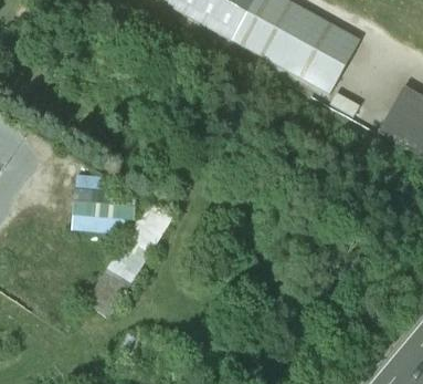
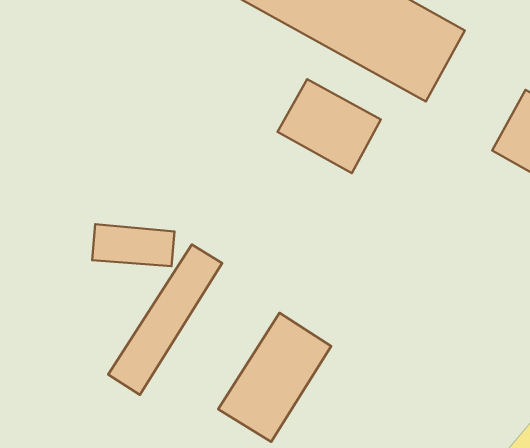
building: none -> [278,79,381,173]
building: none -> [218,313,331,442]

